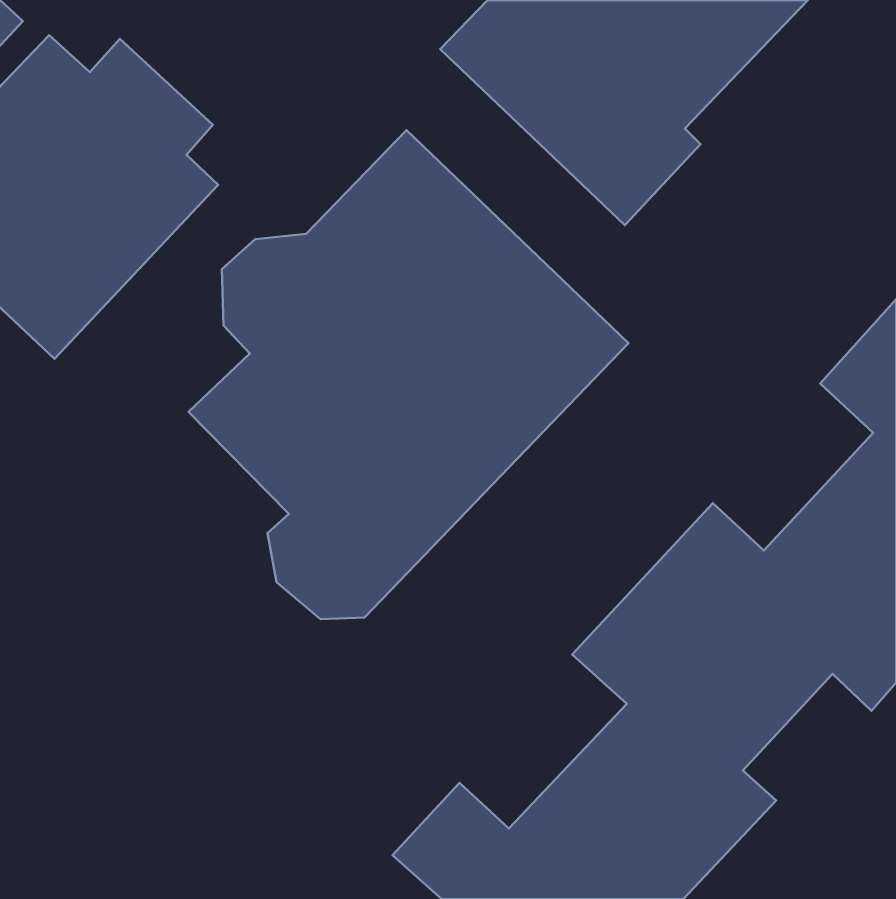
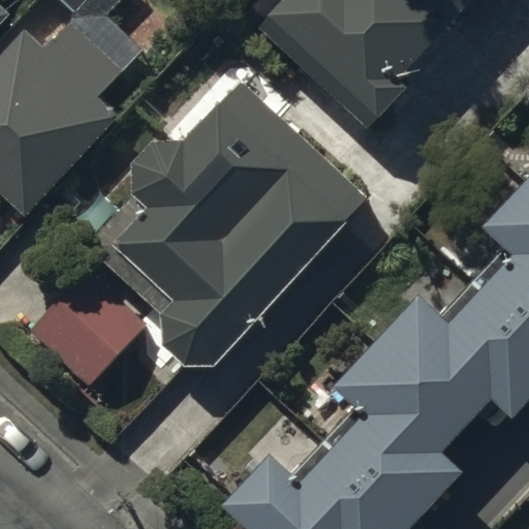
building: none -> [26,267,146,386]

